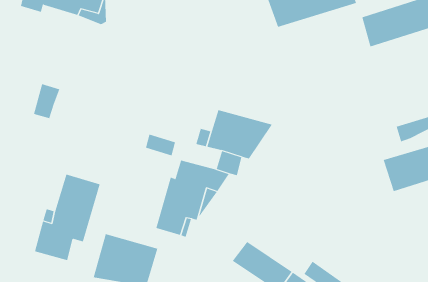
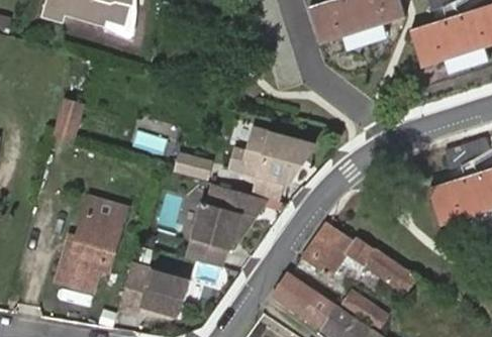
building: none -> [300,223,419,289]

